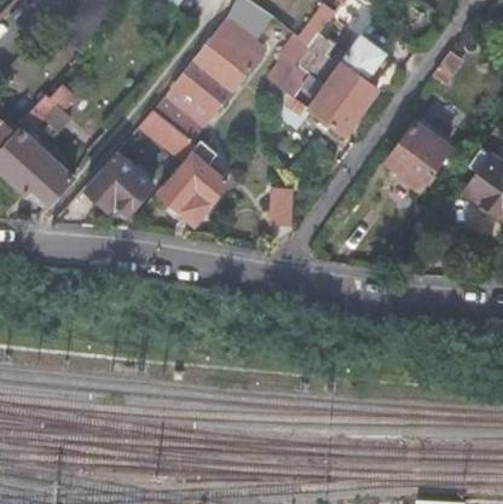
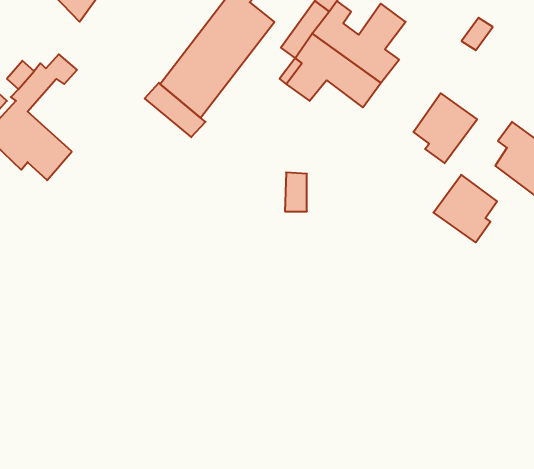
building: [89,156,155,214] -> none
building: [162,156,227,224] -> none
building: none -> [433,175,497,242]

